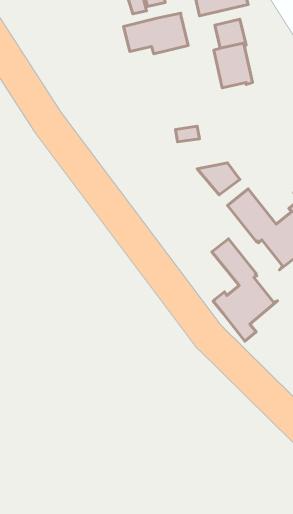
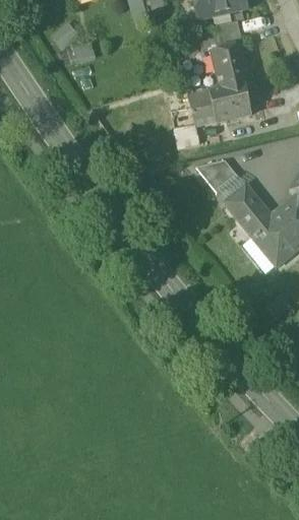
building: [124,13,188,54] -> [188,81,251,121]
building: [212,239,278,341] -> none

